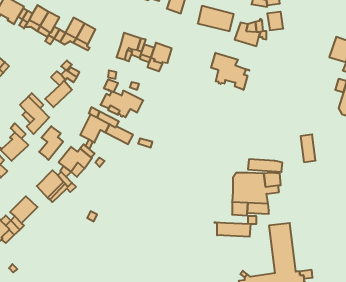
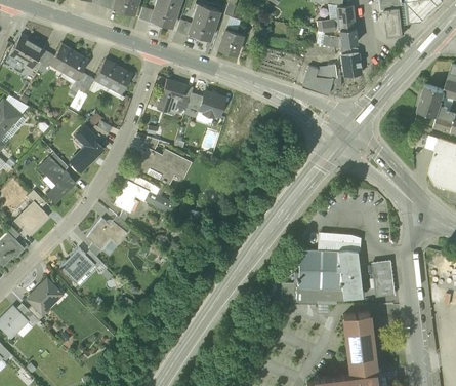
building: [211,53,249,90] -> none
building: [39,126,63,160] -> none
building: [301,134,316,162] -> [374,261,392,295]
building: none -> [341,273,363,296]
building: [214,222,251,237] -> none

